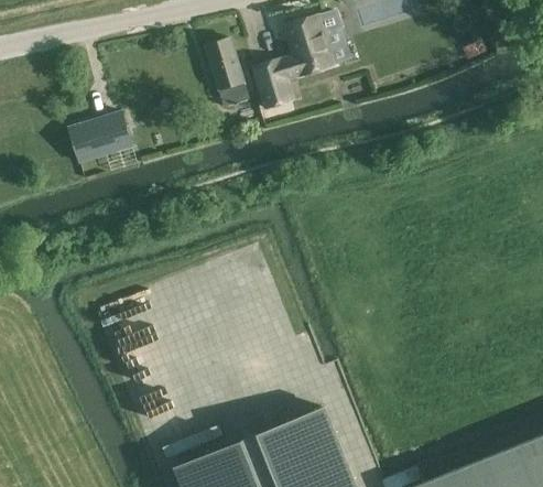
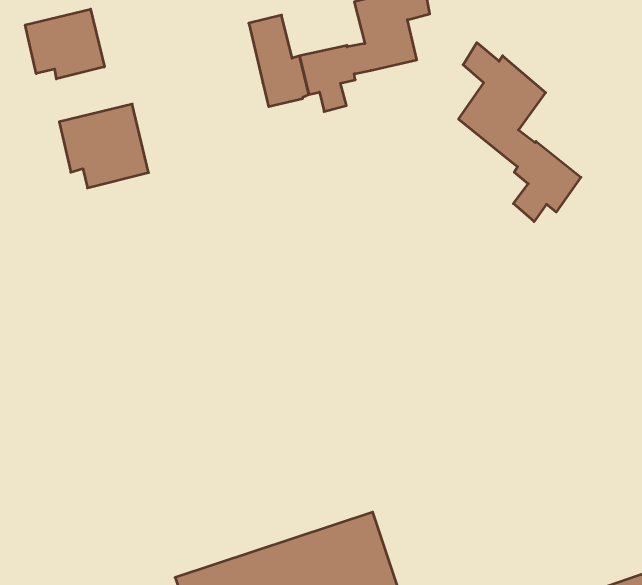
building: none -> [25,9,104,79]
building: none -> [459,43,581,222]

